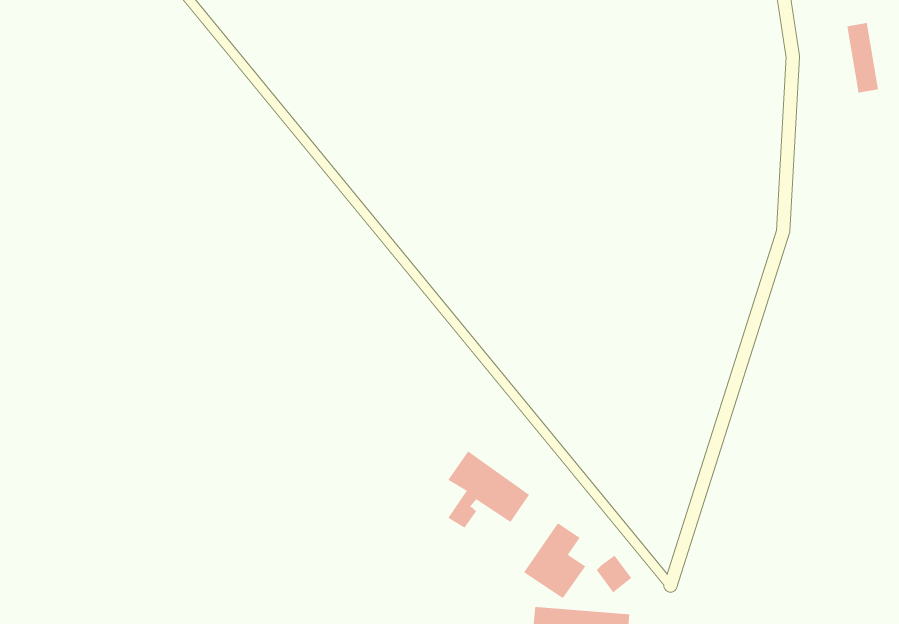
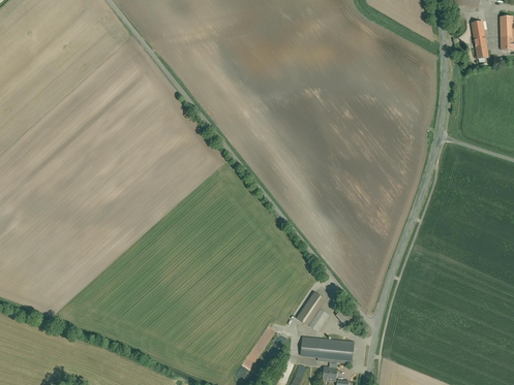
building: [447,450,530,529] -> none

